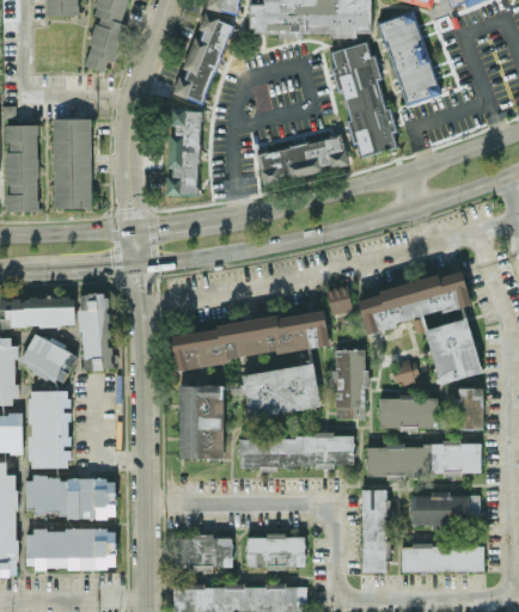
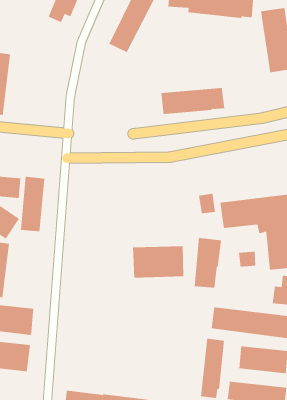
building: [330,42,396,157] -> none
building: [166,109,200,195] -> none
building: [53,118,92,208] -> none
building: [170,311,329,367] -> none
building: [179,385,224,459] -> none
building: [379,396,438,428] -> none
building: [238,435,354,467] -> none
building: [173,536,232,569] -> none
building: [246,536,304,568] -> none

